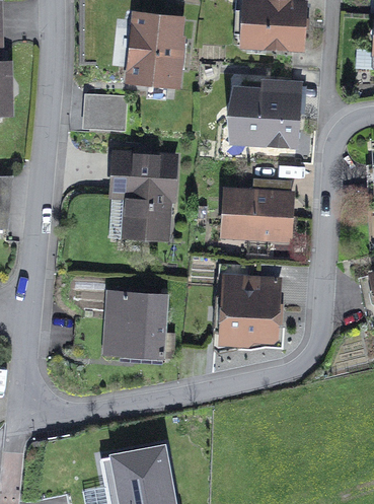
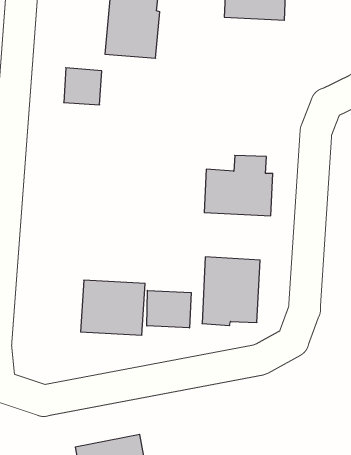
building: [228,82,299,146] -> none
building: [114,155,175,235] -> none
building: none -> [147,290,191,328]

